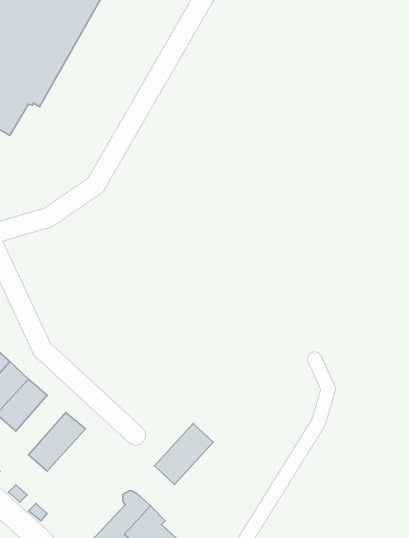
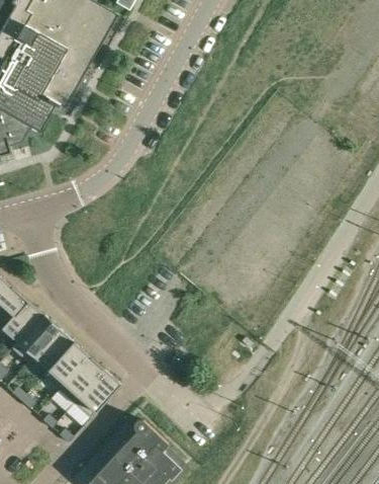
building: none -> [40,341,87,390]
building: [155,424,213,484] -> [72,369,119,418]

